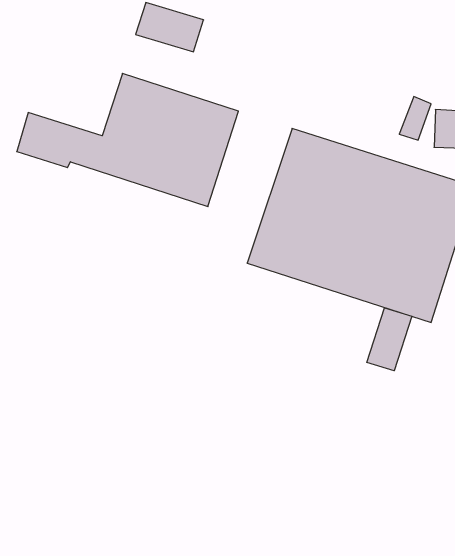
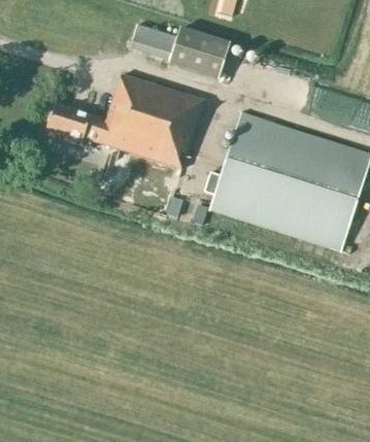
building: none -> [171,27,230,77]
building: [367,308,412,371] -> none

